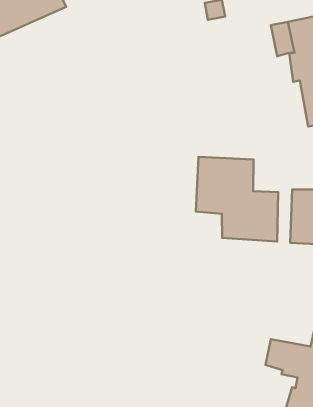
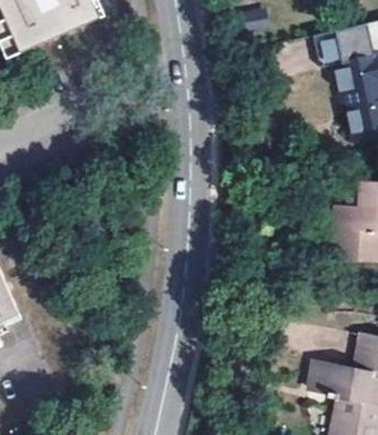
building: [196,157,278,242] -> none

